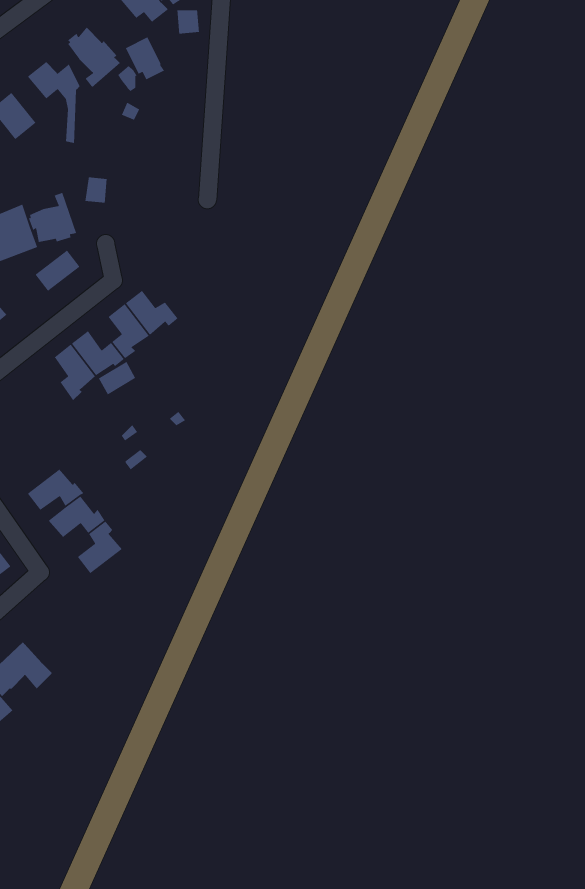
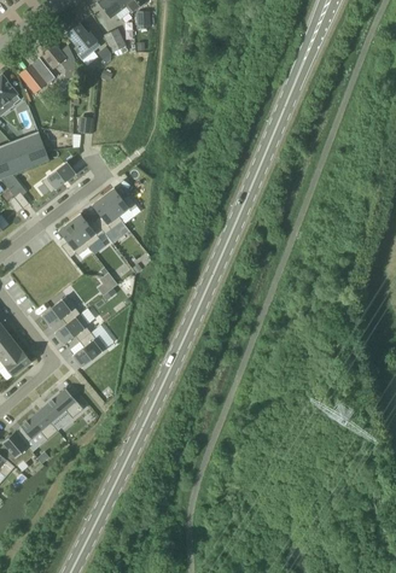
building: [28,192,77,243] -> none
building: none -> [39,387,81,422]

